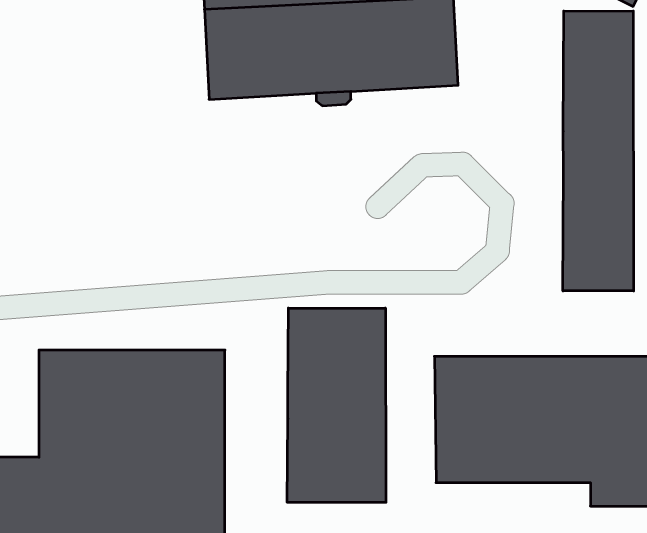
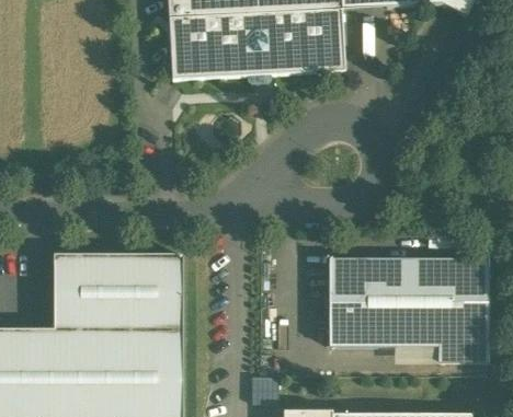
building: [563,11,634,291] -> none
building: [287,308,386,502] -> none

